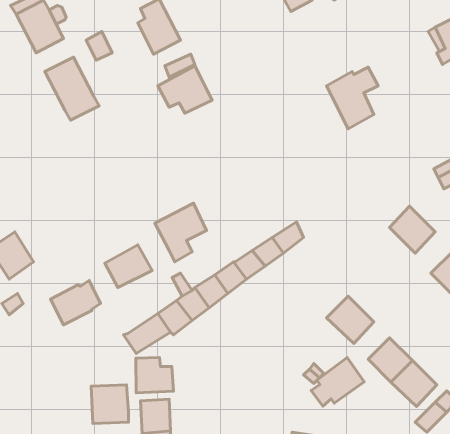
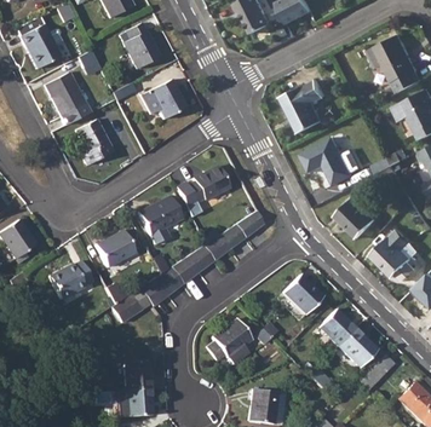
building: none -> [76,119,114,165]
building: none -> [301,137,354,184]
building: none -> [177,166,230,217]
building: [311,357,364,406] -> [207,318,252,359]
building: [136,358,174,393] -> none
building: [91,385,128,424] -> none

